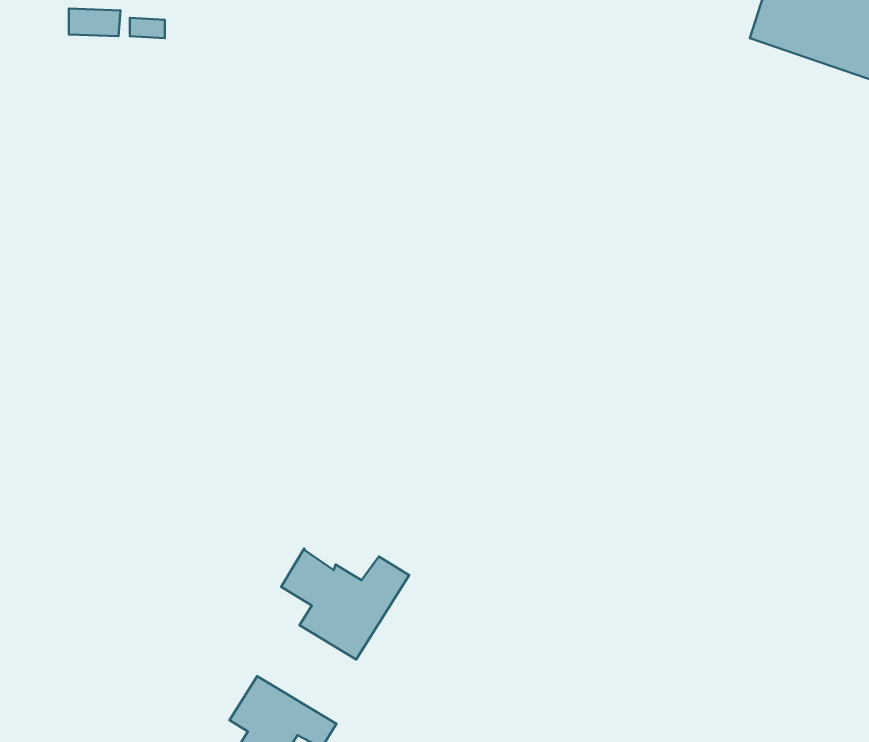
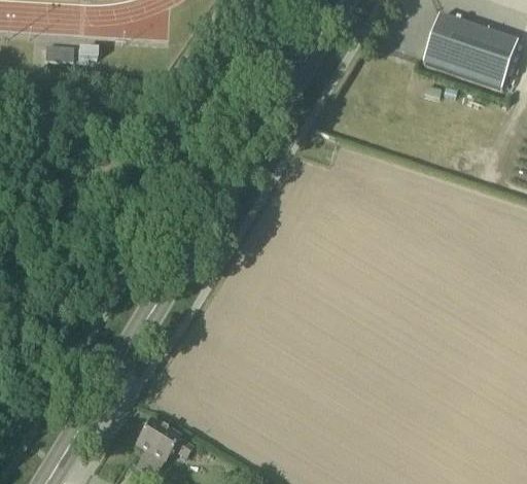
building: [281,549,409,660] -> none

